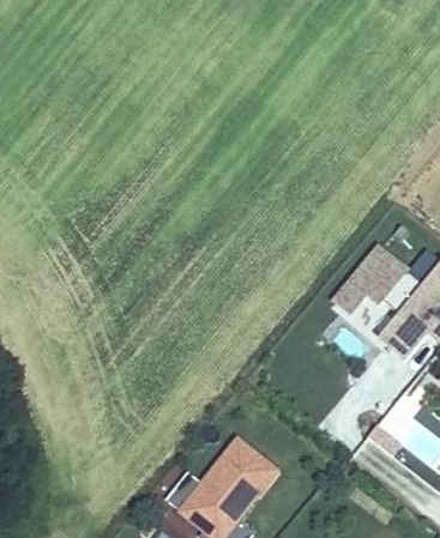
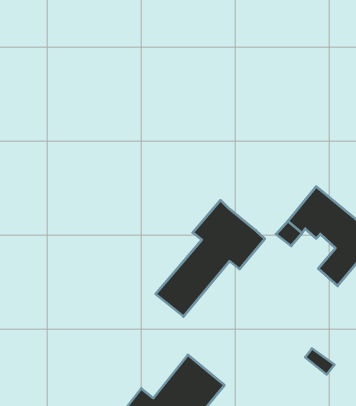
building: none -> [156,200,265,317]

